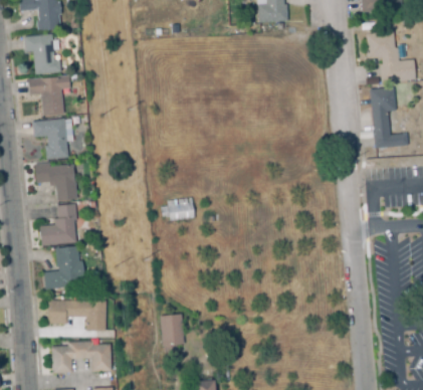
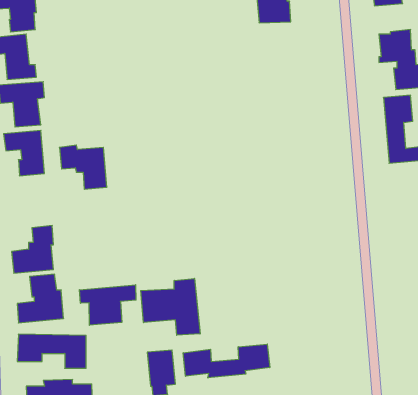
building: [35,162,77,201] -> [59,145,107,189]
building: [161,198,195,220] -> none
building: none -> [141,278,200,335]
building: none -> [79,285,136,325]
building: none -> [183,344,270,378]

